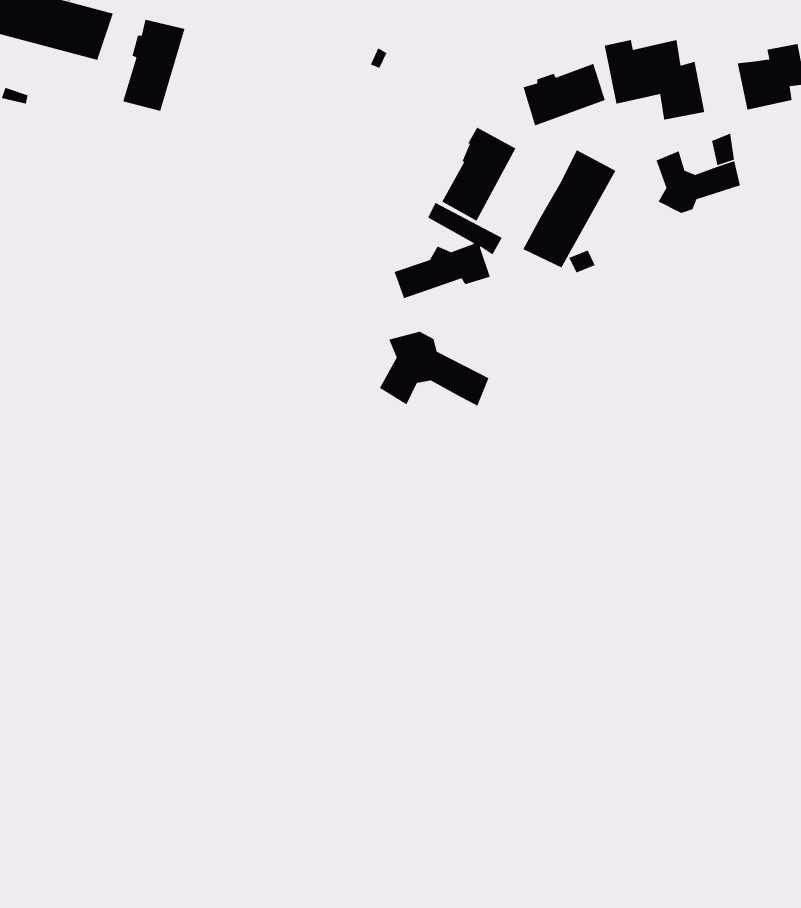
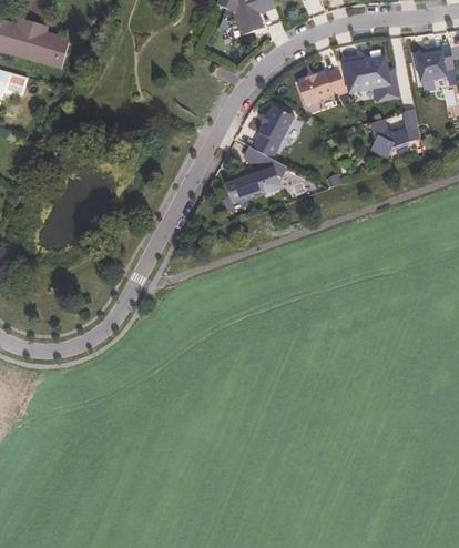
building: [122,19,186,112] -> none
building: [522,149,616,269] -> none
building: [379,331,490,407] -> none

